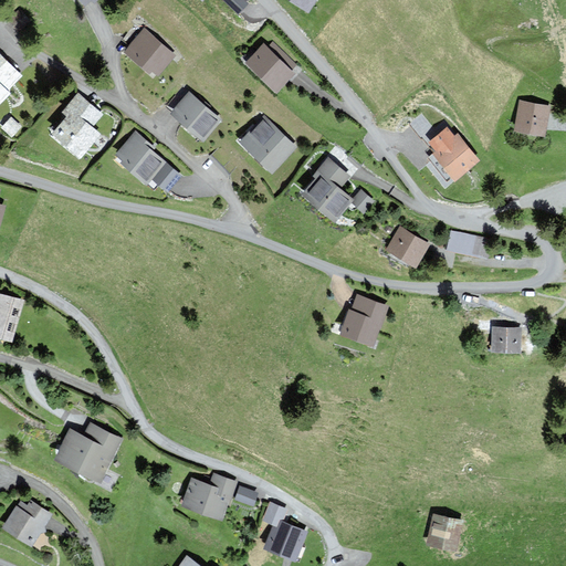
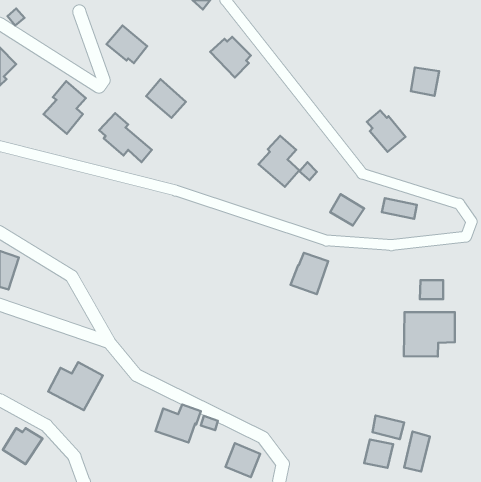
building: [515,102,548,135] -> [411,68,439,96]
building: [240,117,294,170] -> none
building: none -> [404,312,455,356]
building: none -> [373,416,404,439]
building: none -> [404,432,430,472]

